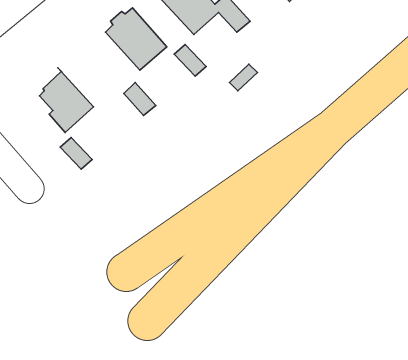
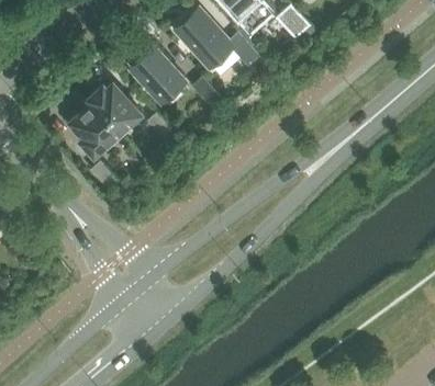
building: none -> [86,84,140,134]

